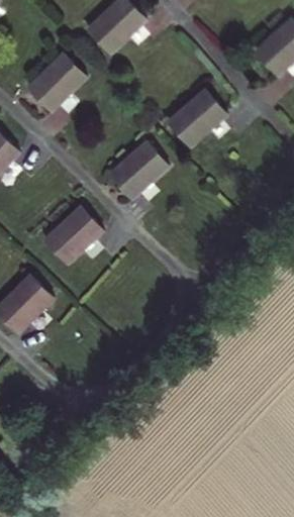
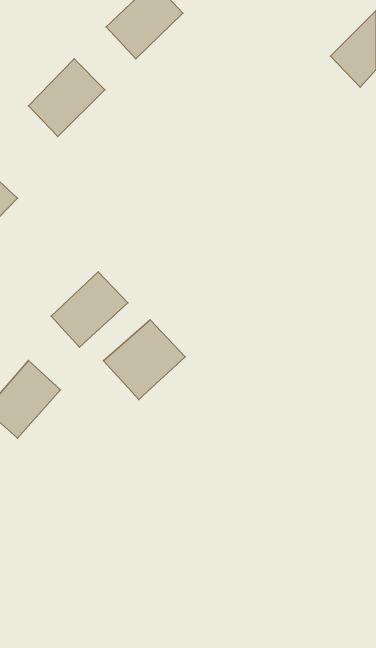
building: [168,86,226,143] -> none
building: [109,138,168,196] -> none
building: none -> [104,320,185,399]

